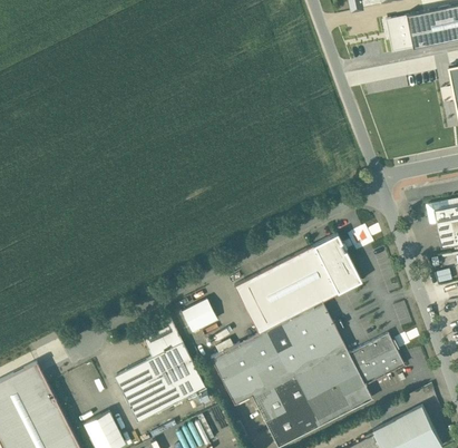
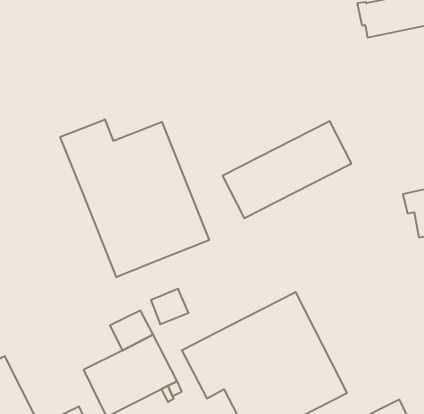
building: none -> [60,119,209,277]
building: [234,240,360,334] -> [223,121,351,218]
building: [348,334,403,386] -> none

